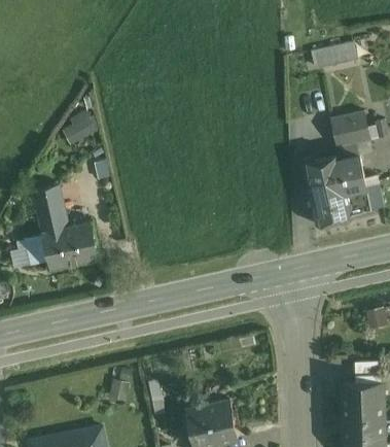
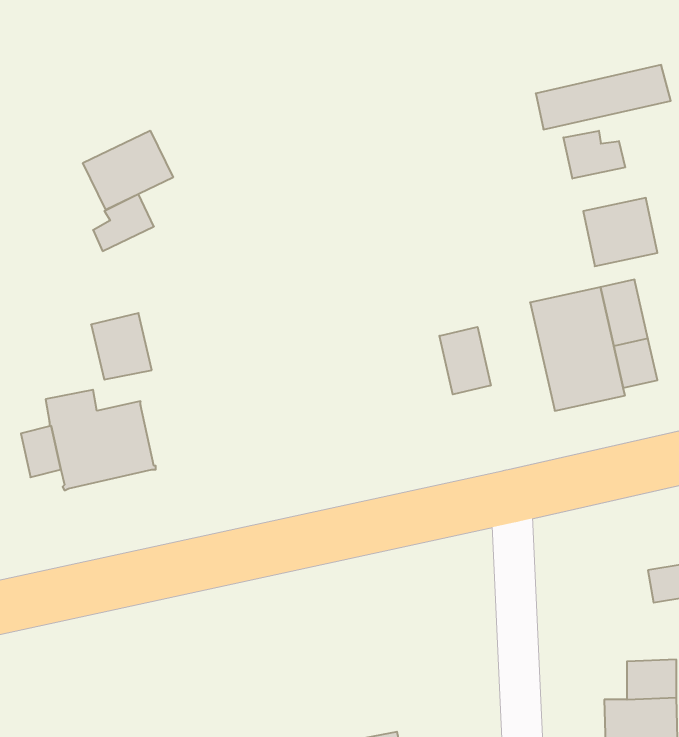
building: none -> [83,131,173,210]
building: none -> [563,131,625,179]
building: none -> [439,327,491,394]
building: [33,183,66,219] -> [91,313,152,380]

